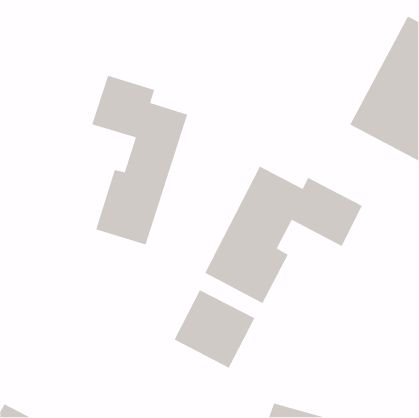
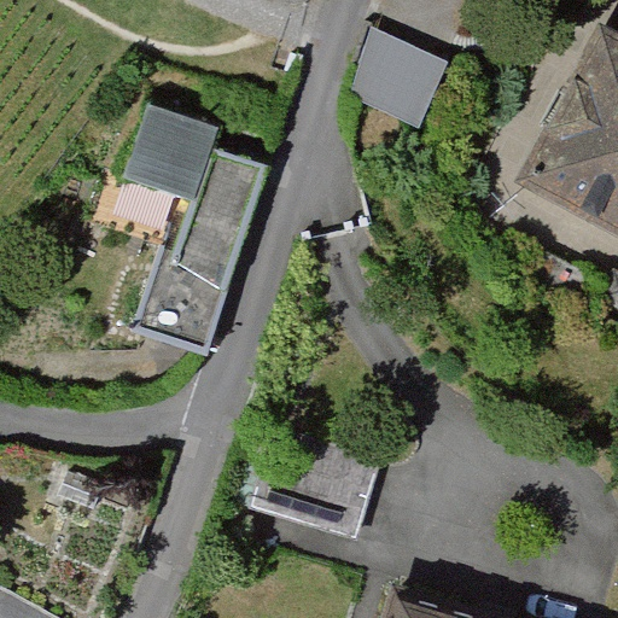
building: none -> [346,30,438,118]
building: [204,165,363,304] -> none

